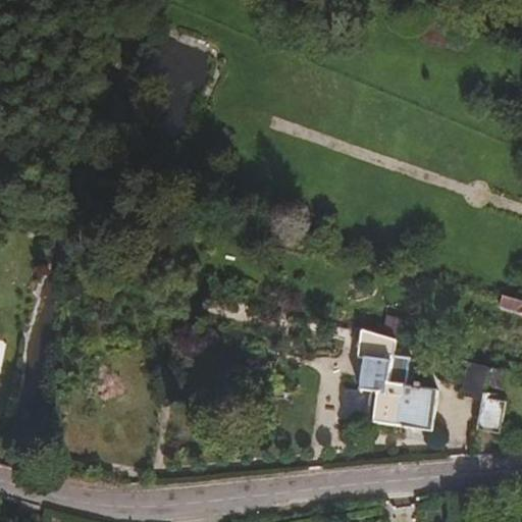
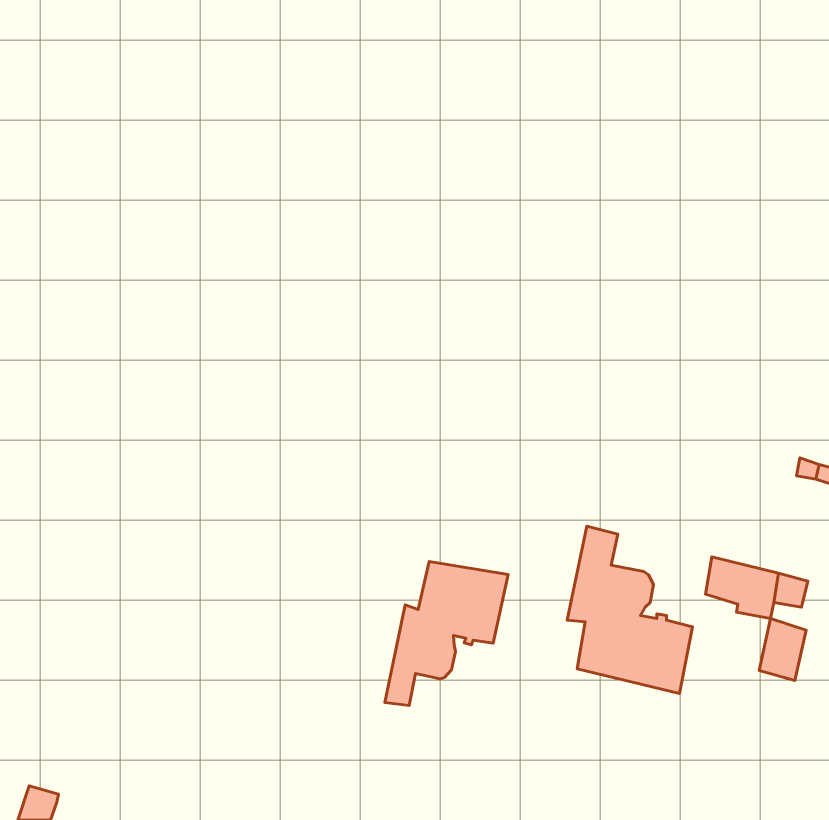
building: none -> [385,561,508,706]

